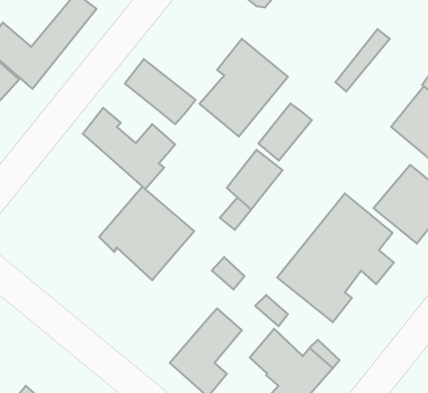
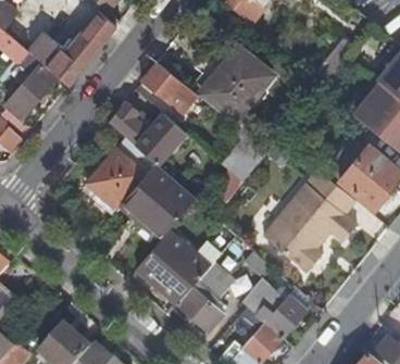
building: [258,103,312,161] -> none
building: none -> [82,135,155,212]
building: none -> [136,228,211,303]

